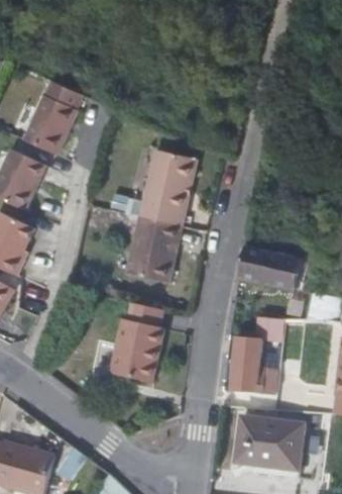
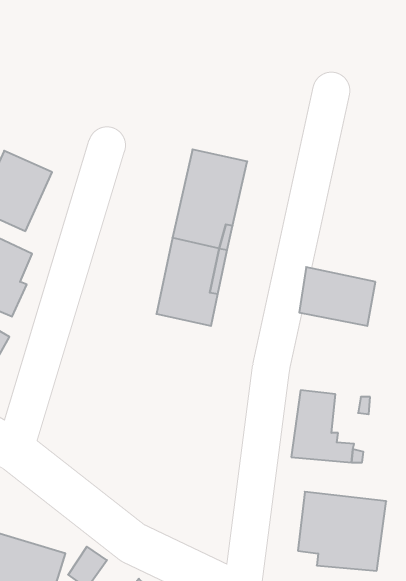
building: [23,82,83,157] -> none
building: [108,302,162,382] -> none

